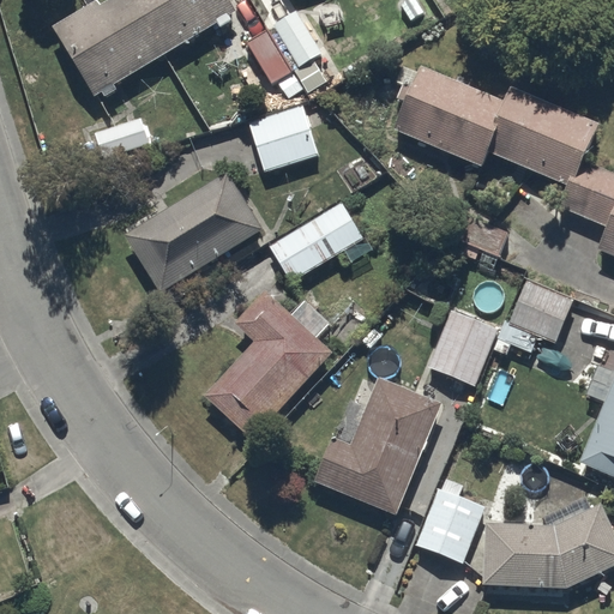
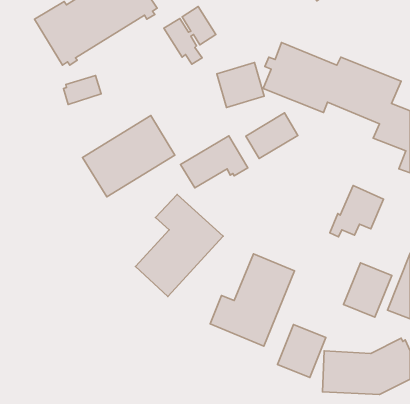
building: [248,103,319,170] -> [217,63,264,107]
building: none -> [246,113,298,159]
building: [427,305,499,386] -> [344,263,392,317]

